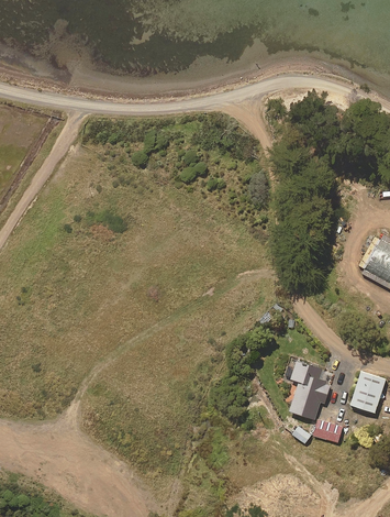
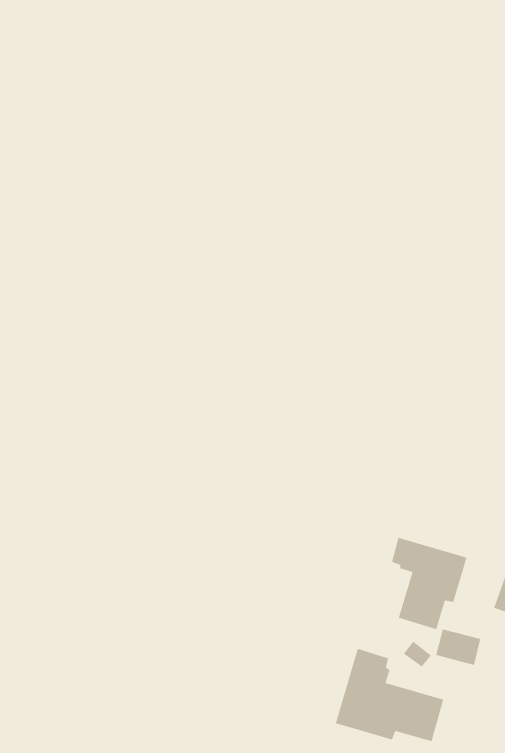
building: none -> [335,648,444,742]

